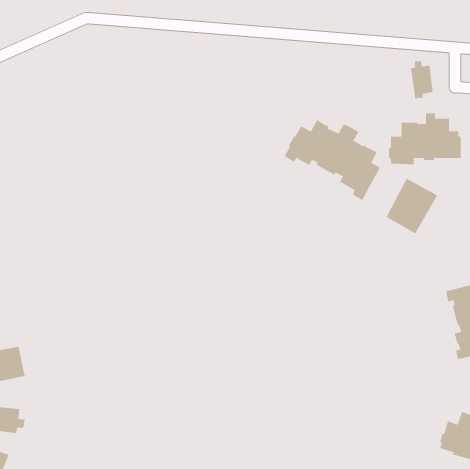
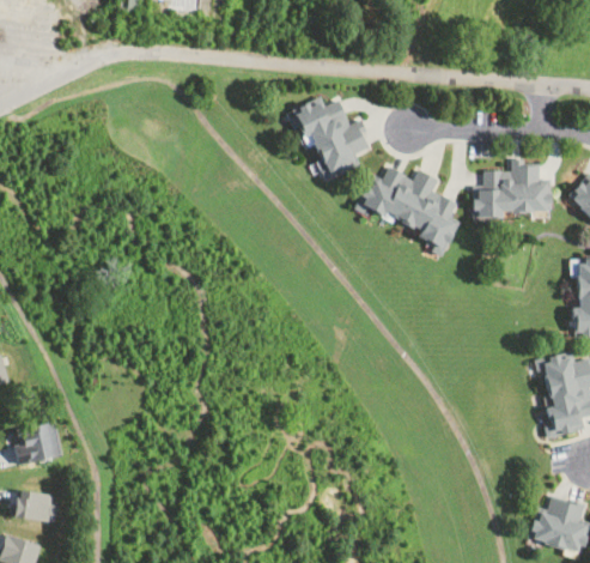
building: none -> [288,95,372,182]
building: [410,60,433,99] -> none
building: [386,178,438,234] -> none

